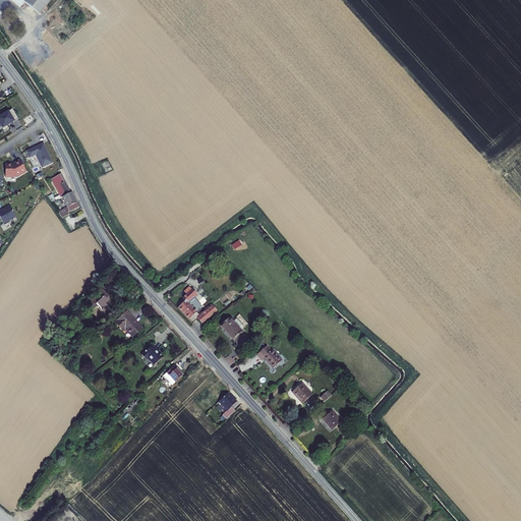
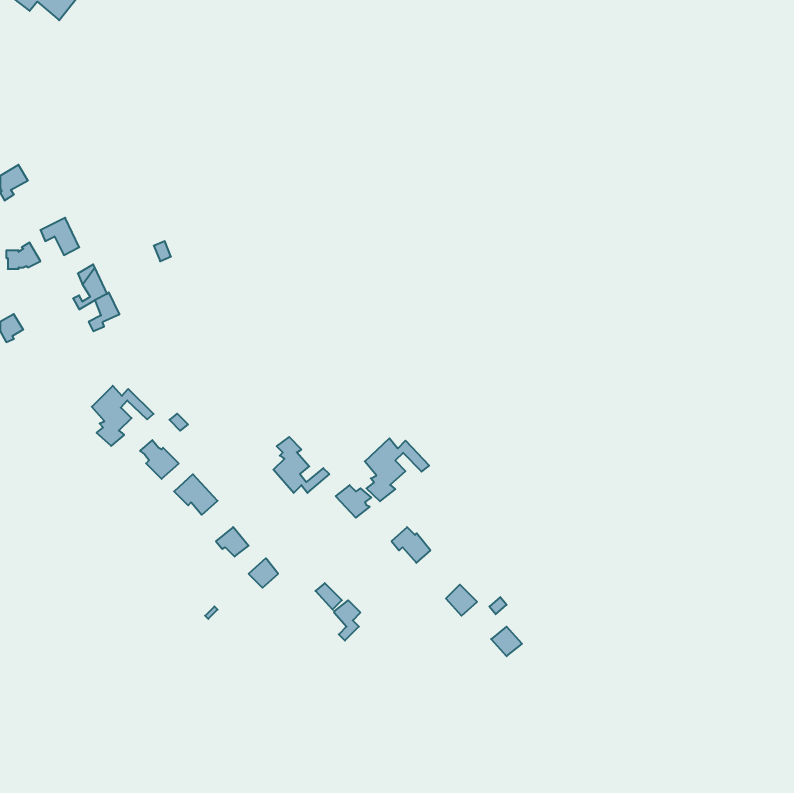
building: none -> [92,386,154,446]
building: none -> [365,438,429,501]

